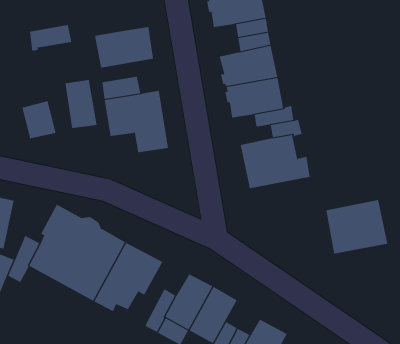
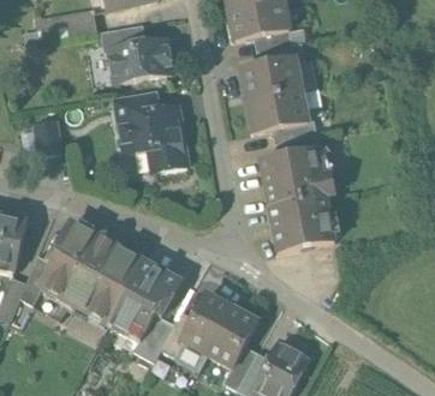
building: [29,25,72,51] -> [100,23,144,50]
building: [65,79,97,129] -> none
building: [325,200,388,254] -> [269,194,334,251]
building: none -> [133,312,174,360]

